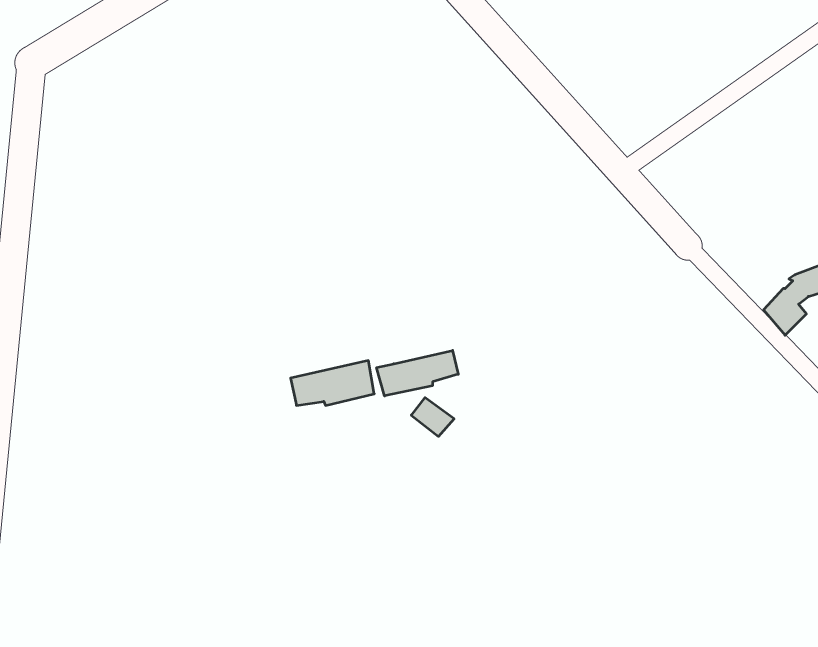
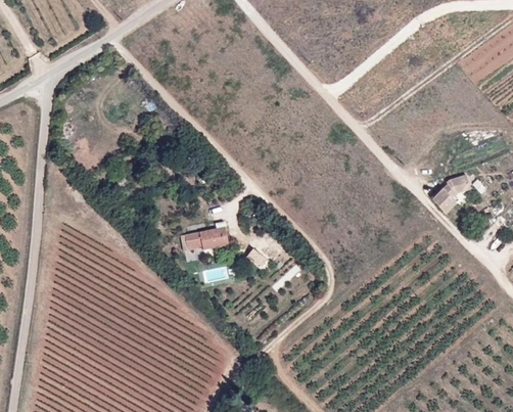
building: [377,350,458,396] -> none

